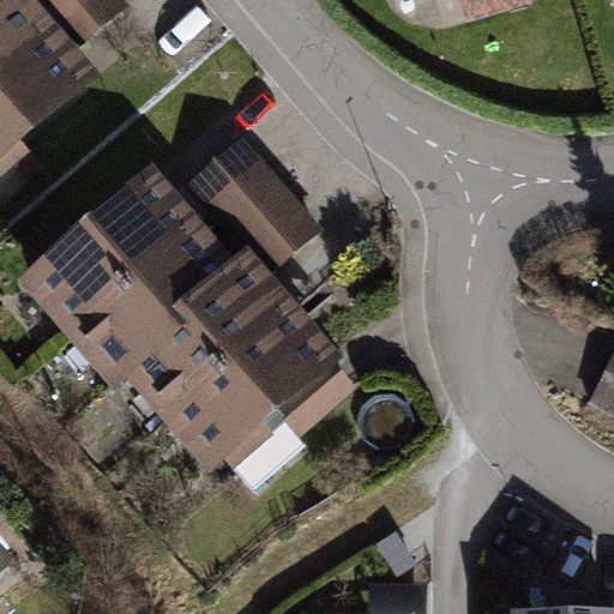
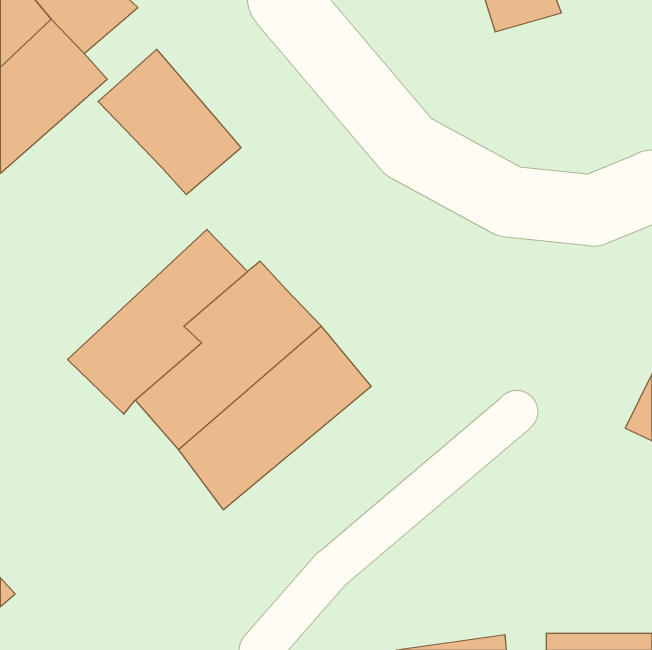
building: [186,136,320,272] -> [98,49,241,195]
building: [16,167,194,338] -> none

